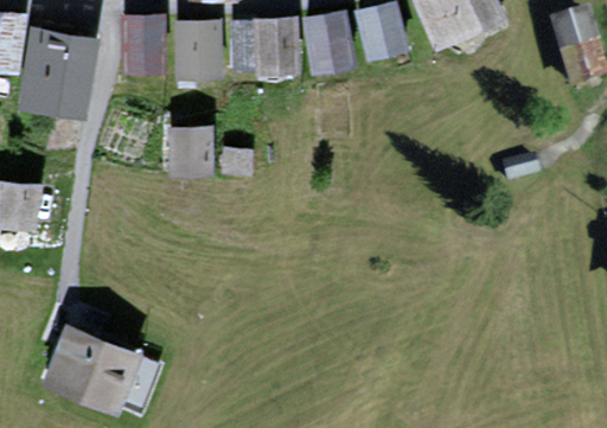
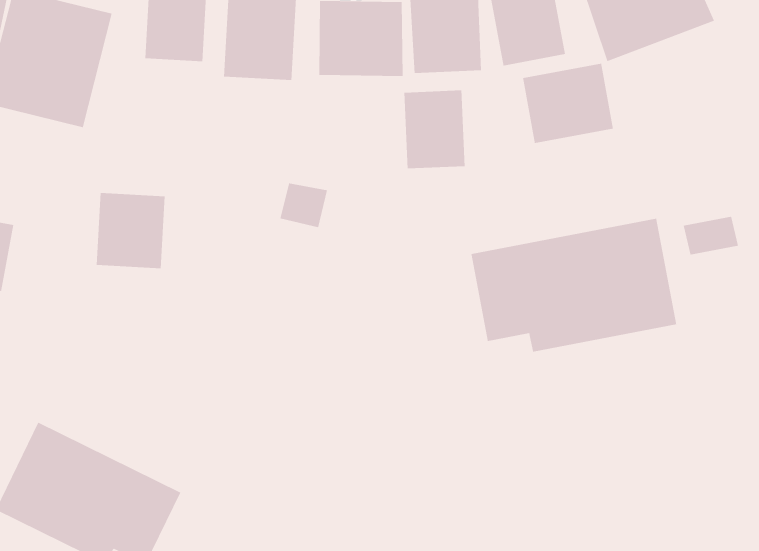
building: none -> [522,63,614,144]
building: none -> [404,89,465,169]
building: [167,124,212,174] -> [96,193,165,269]
building: none -> [471,218,677,352]

